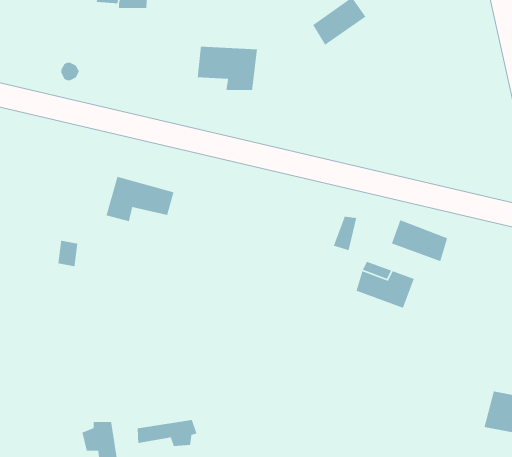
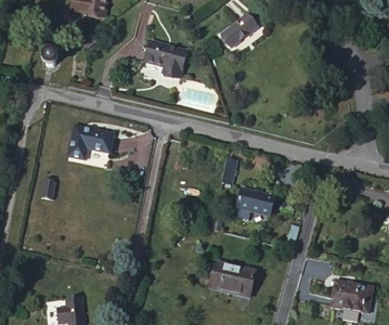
building: [391,219,448,262] -> none
building: none -> [216,258,262,297]
building: [137,419,198,447] -> none

